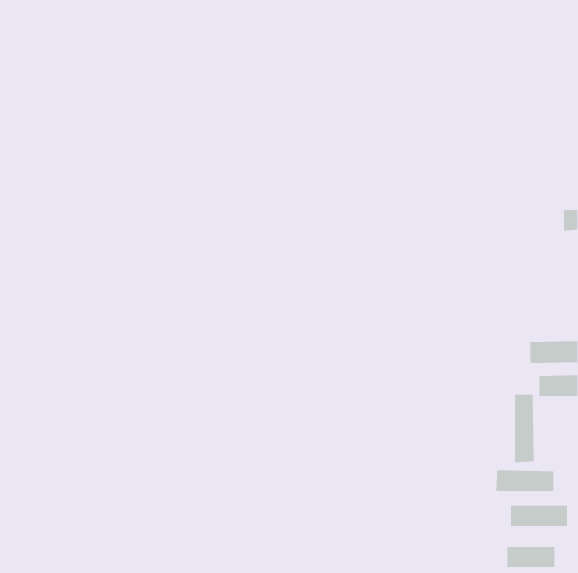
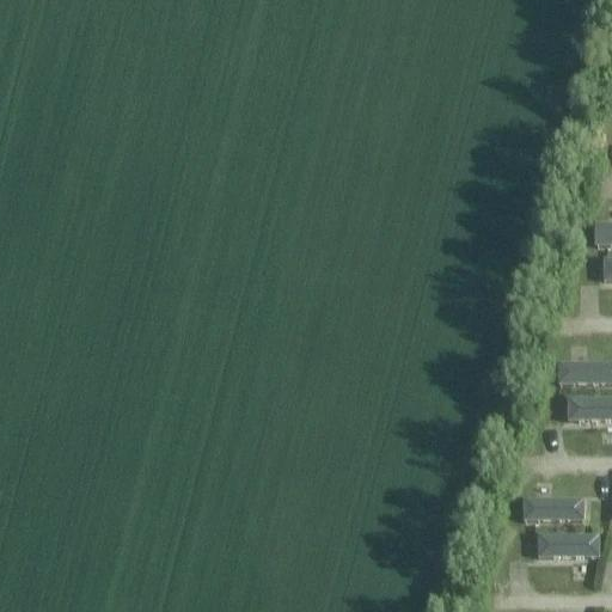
building: [514,394,534,463] -> none
building: [507,546,555,568] -> none

